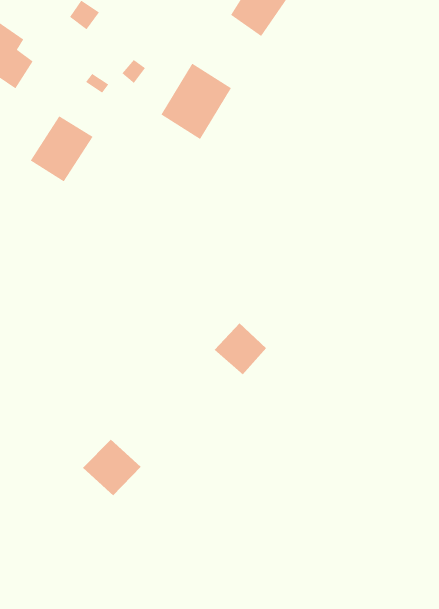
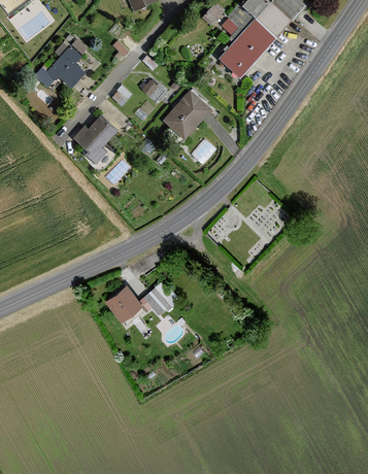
building: [214,322,267,375] -> [142,280,177,315]
building: [82,439,142,496] -> [103,283,142,321]

